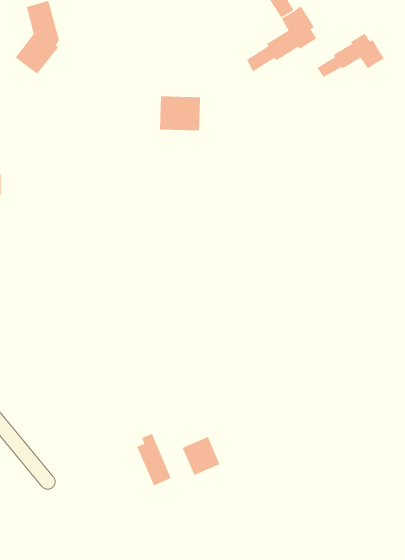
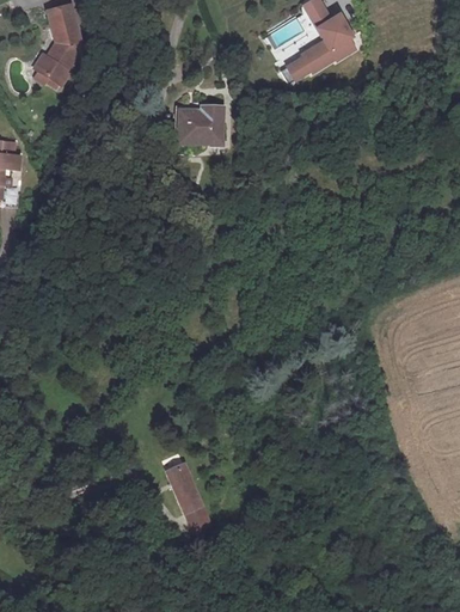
building: [316,33,384,78] -> none
building: [182,436,220,476] -> none

